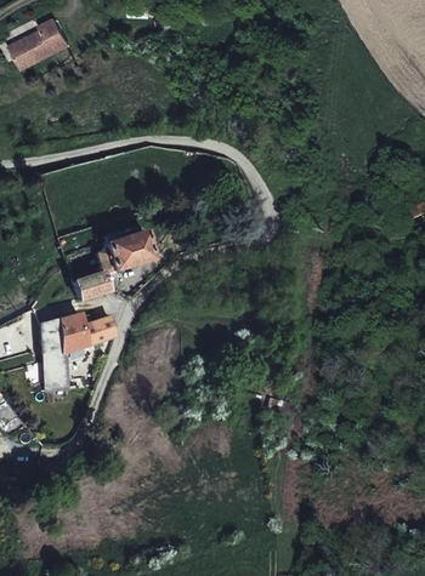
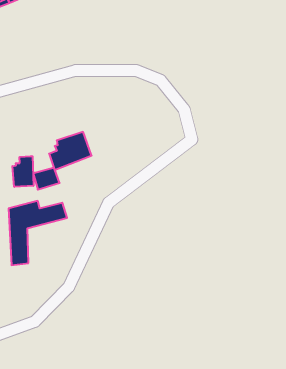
building: none -> [12,156,33,187]

